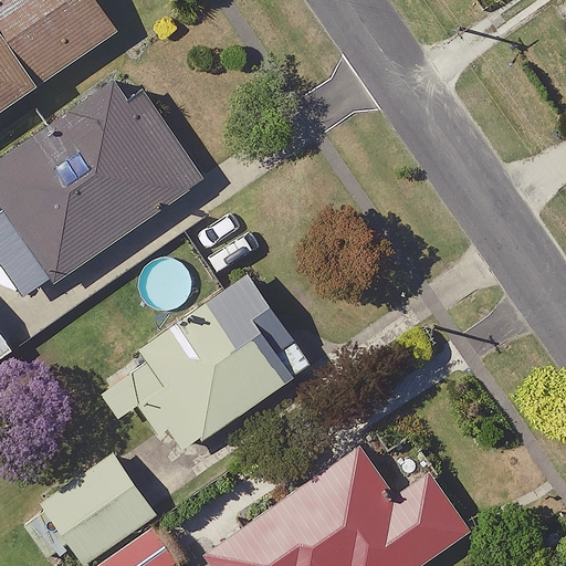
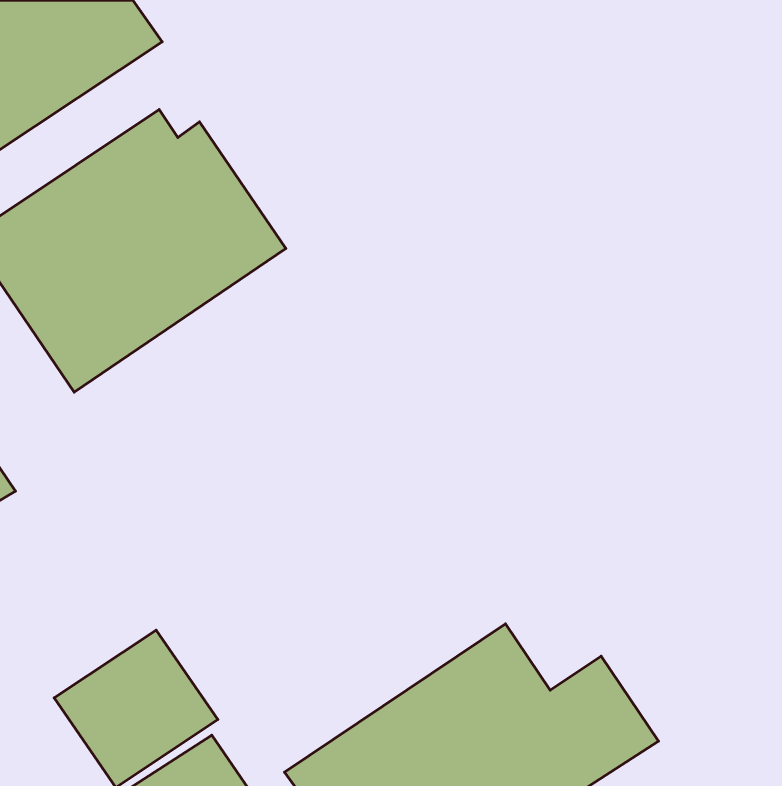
building: [97,274,311,451] -> none

